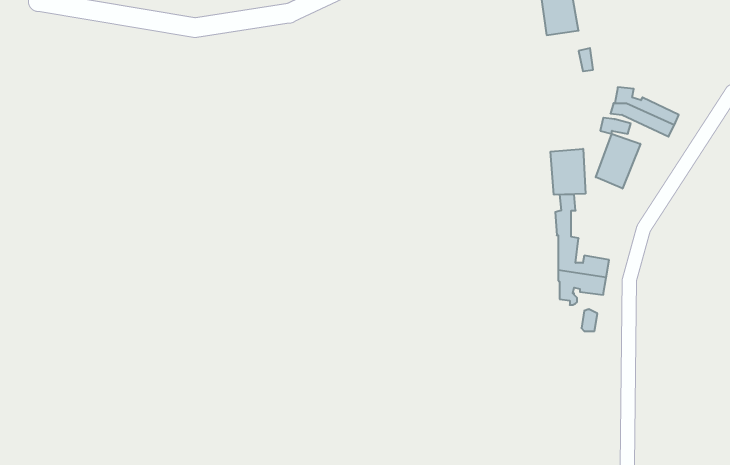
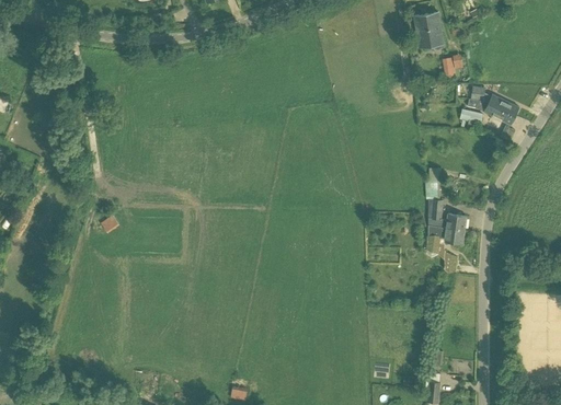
building: [596,134,640,189] -> none
building: [551,149,585,195] -> none

